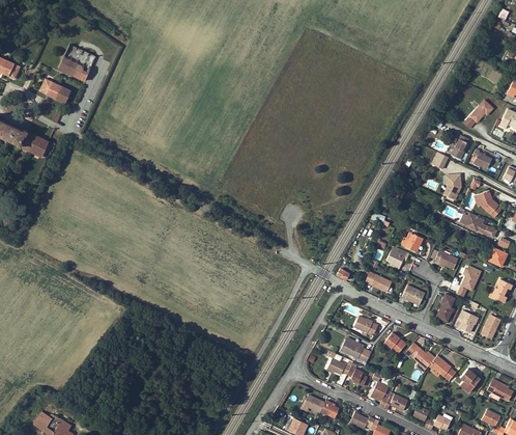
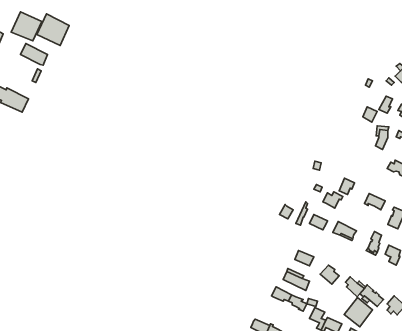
building: none -> [11,12,42,41]
building: none -> [344,298,372,327]

